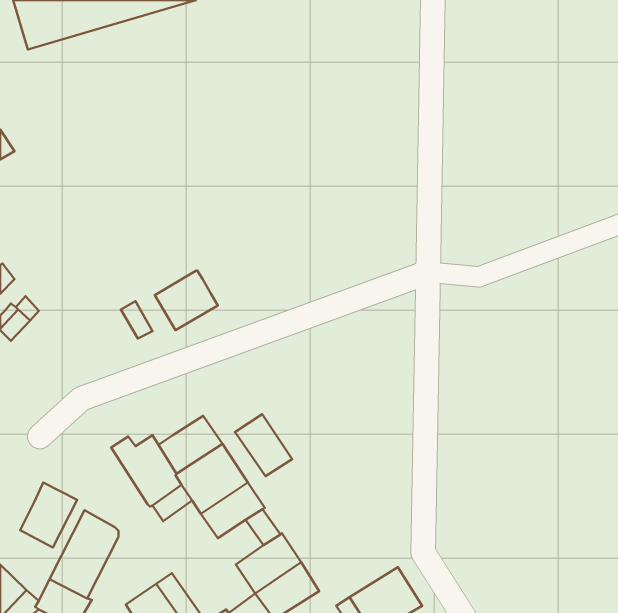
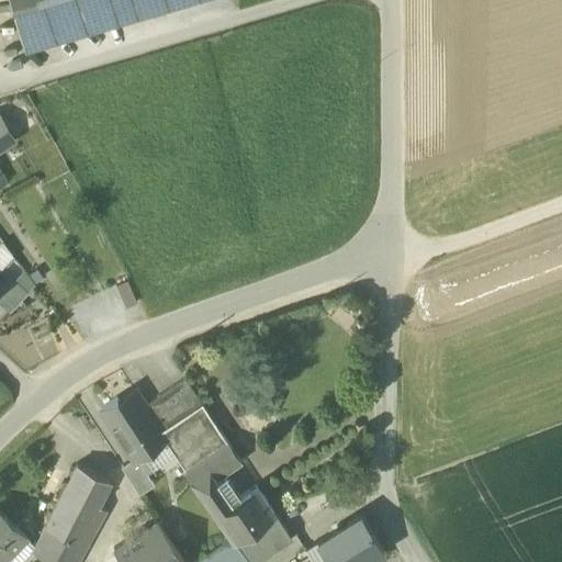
building: [155,270,218,330] -> none
building: [235,414,292,476] -> none
building: [20,483,77,548] -> none
building: none -> [121,462,155,498]
building: none -> [198,476,239,517]

